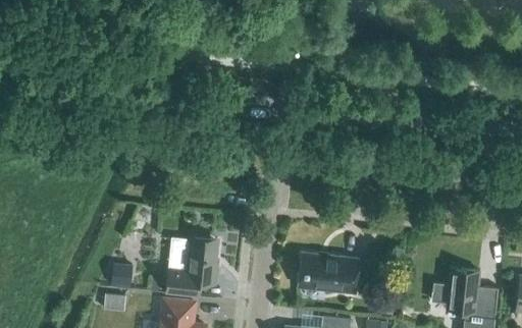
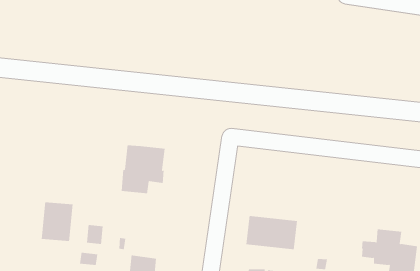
building: none -> [41,202,73,242]
building: [166,240,218,297] -> [121,145,165,194]

